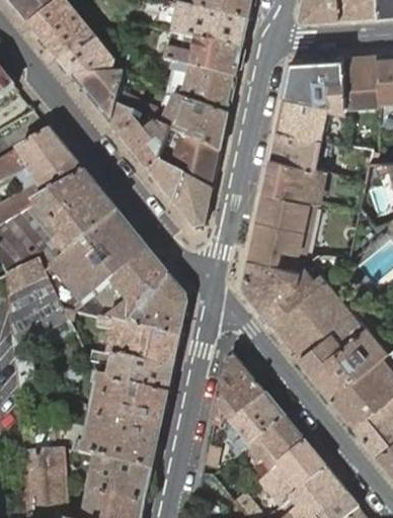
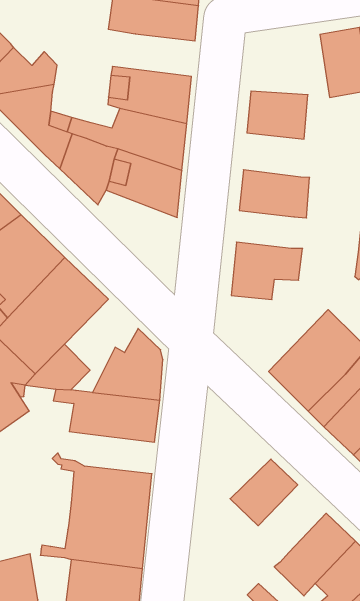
building: [162,39,241,79] -> none
building: [282,57,344,108] -> none
building: [268,130,320,170] -> none
building: [148,163,211,230] -> none
building: [256,191,320,229] -> none
building: [108,251,169,325] -> none
building: [241,259,324,324] -> none
building: [81,349,172,396] -> none
building: [213,356,264,425] -> none
building: [241,418,304,471] -> none

